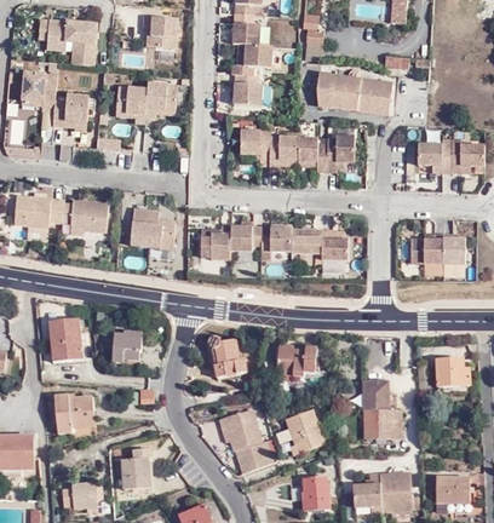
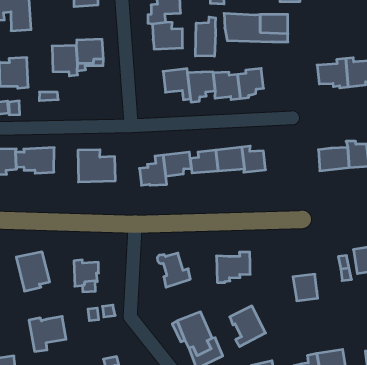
building: none -> [195,17,216,56]
building: [364,410,401,438] -> none

